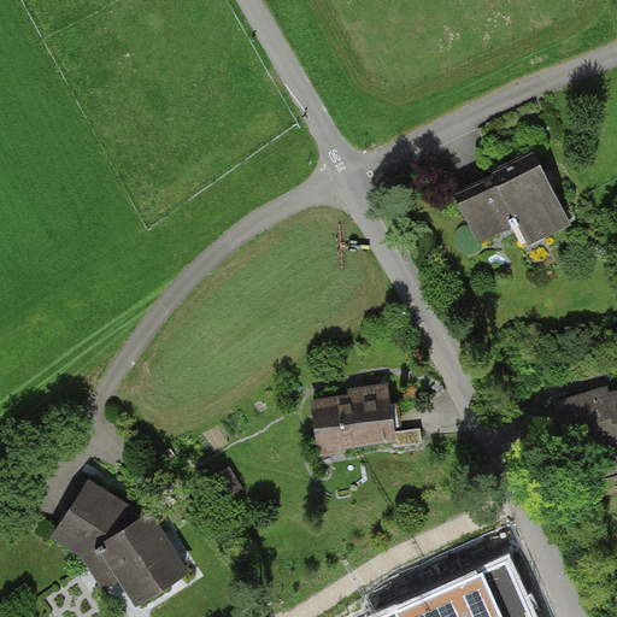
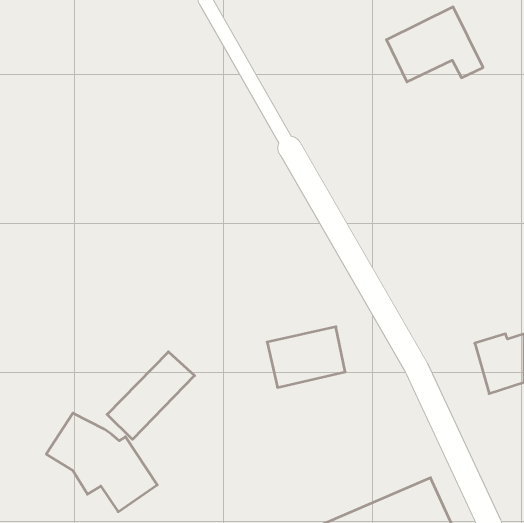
building: [454,153,568,241] -> [386,7,483,82]
building: none -> [107,352,195,439]

